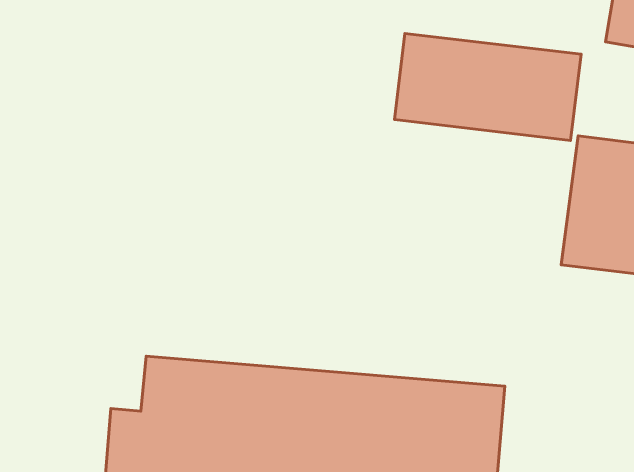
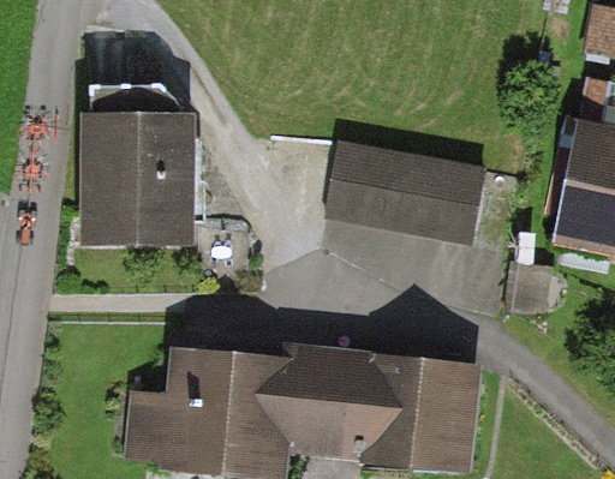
building: [394,33,581,140] -> [327,140,498,239]
building: none -> [85,125,196,239]

